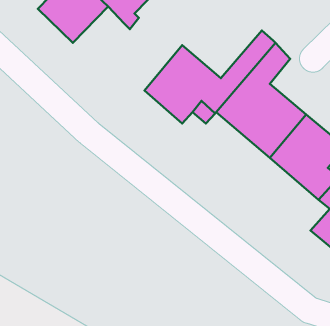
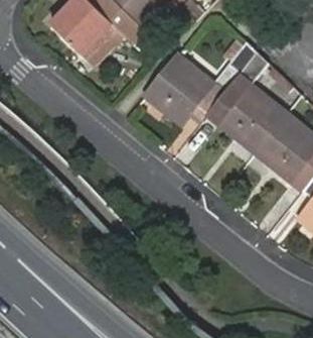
building: none -> [82,19,127,65]

